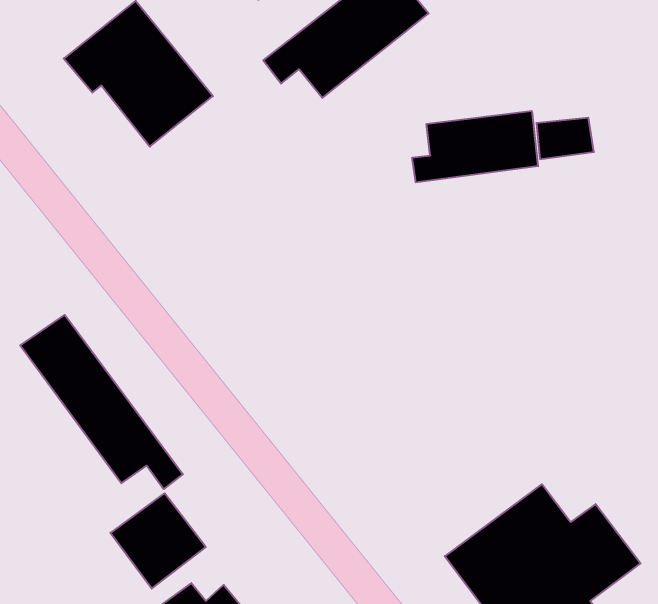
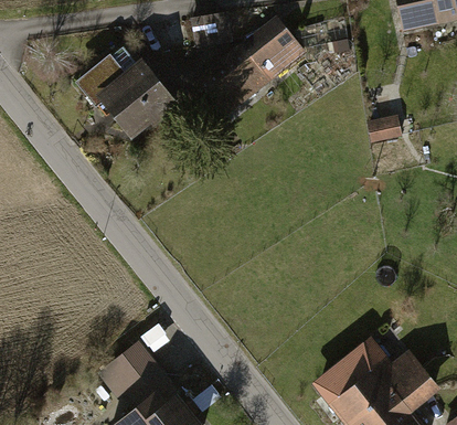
building: [412,111,538,182] -> none
building: [20,315,183,489] -> none

